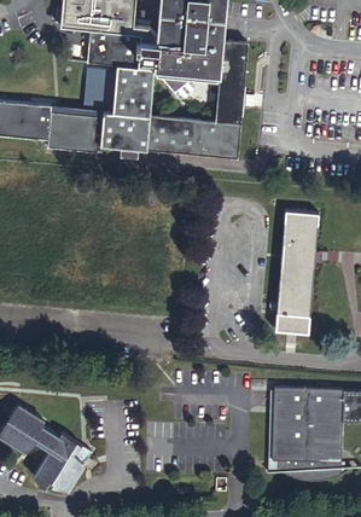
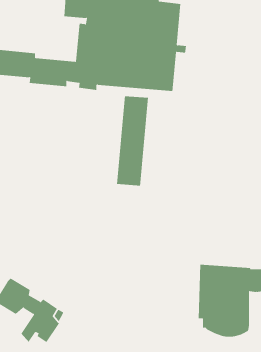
building: [56,59,112,118] -> none
building: [275,210,319,330] -> [116,96,149,186]

